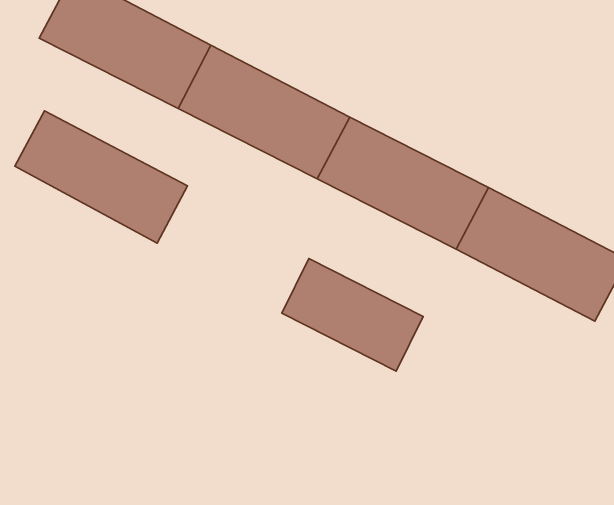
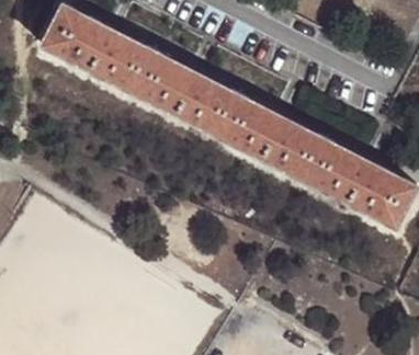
building: [15,111,187,243] -> none
building: [282,259,423,371] -> none

